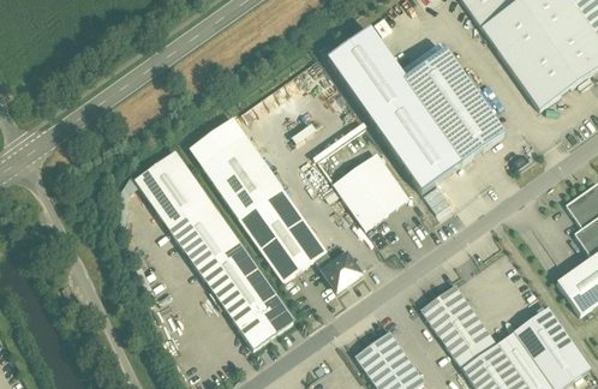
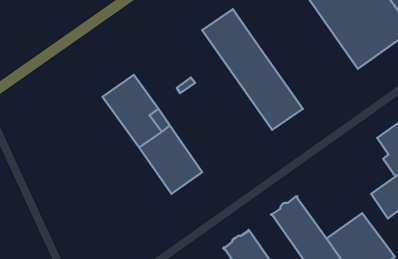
building: [401,47,503,164] -> none
building: [136,154,293,348] -> none
building: [334,154,408,228] -> none
building: [323,253,360,289] -> none

